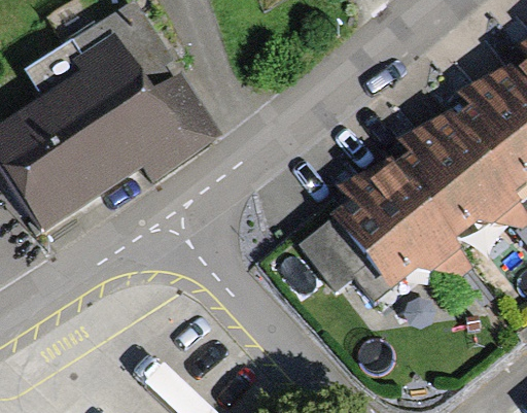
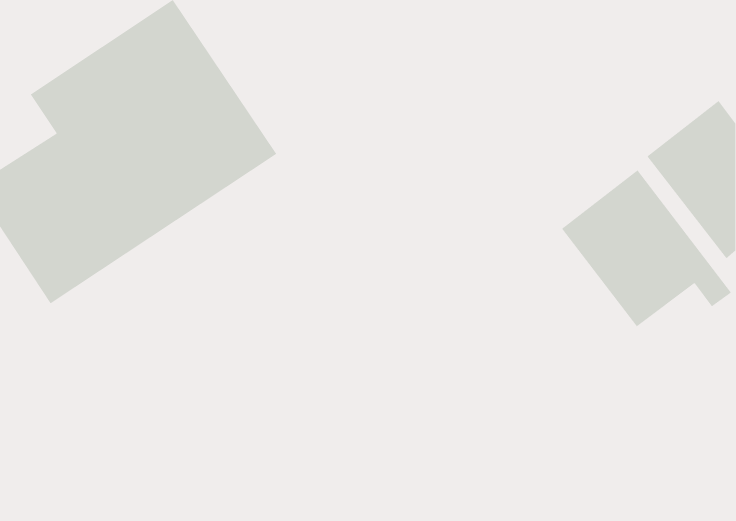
building: [331,167,456,294] -> none

